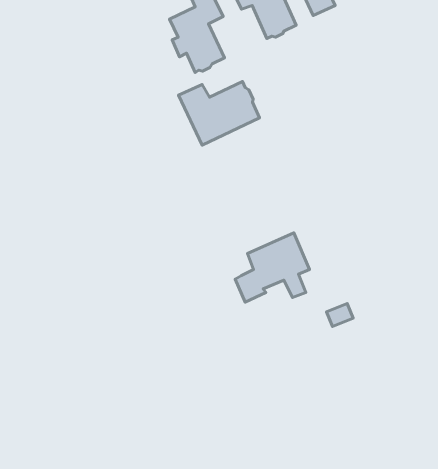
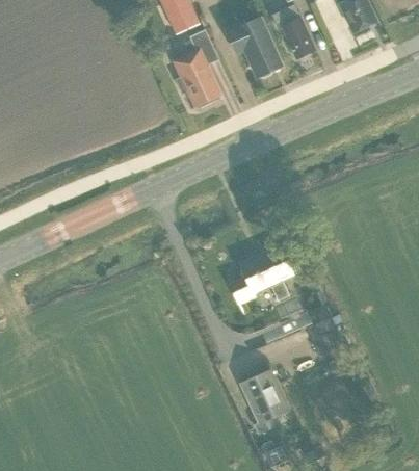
building: [179,81,259,145] -> none
building: none -> [242,369,288,433]

